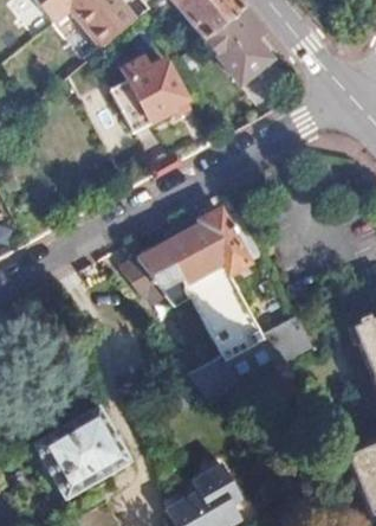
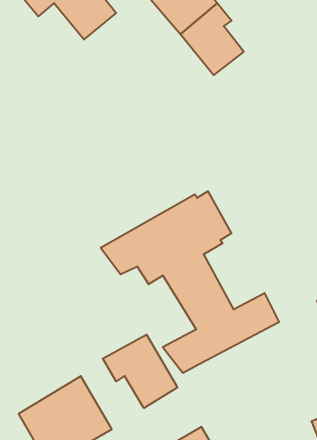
building: [109,58,184,130] -> none
building: none -> [103,335,177,408]

